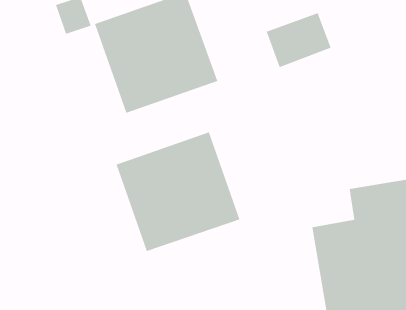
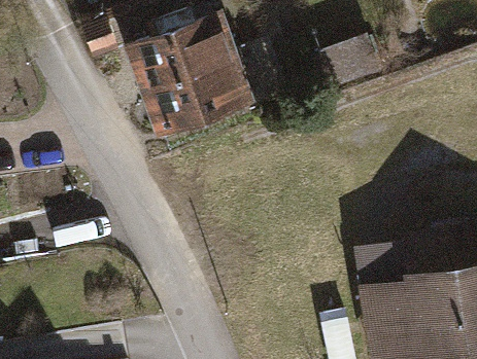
building: [116,131,240,252] -> none

